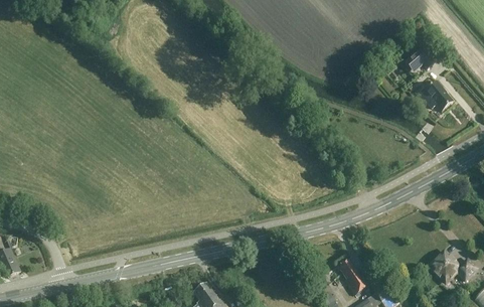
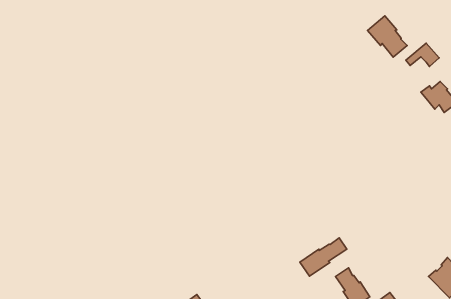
building: none -> [368,16,407,57]
building: none -> [300,238,347,276]

